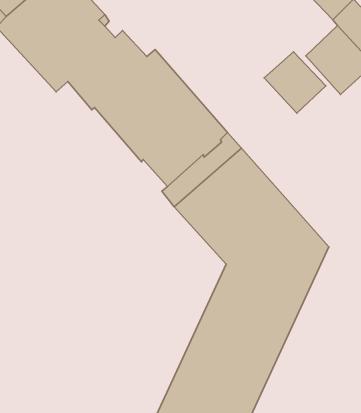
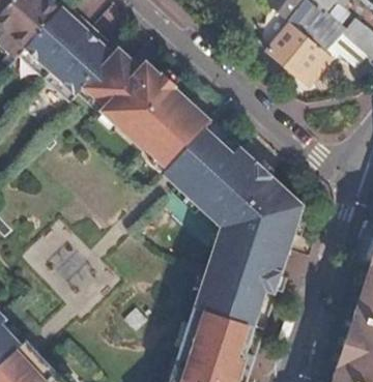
building: [264,52,326,113] -> none

